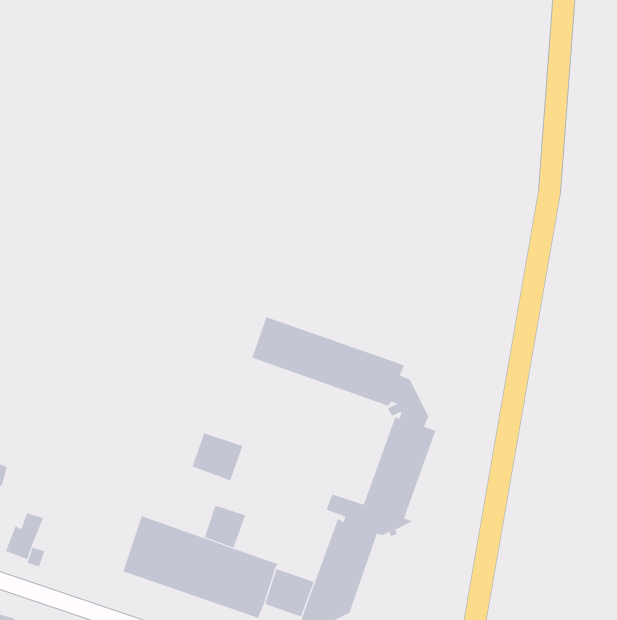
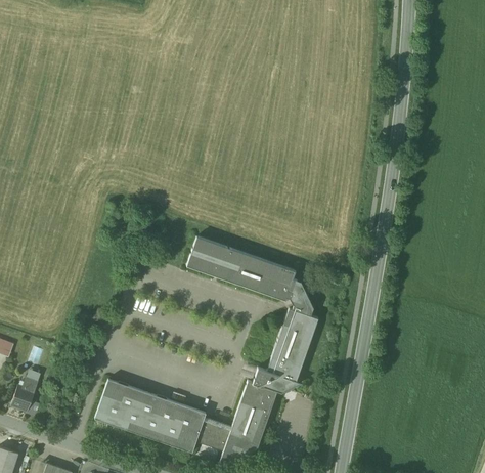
building: [192,432,243,481] -> none
building: [204,505,246,548] -> none

